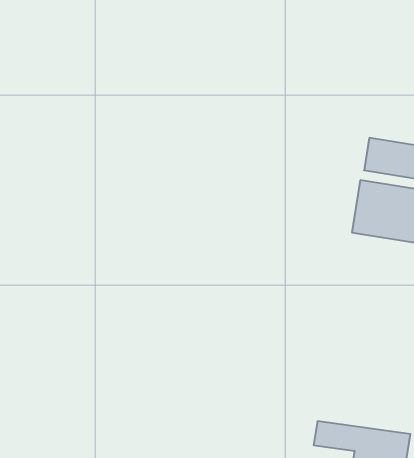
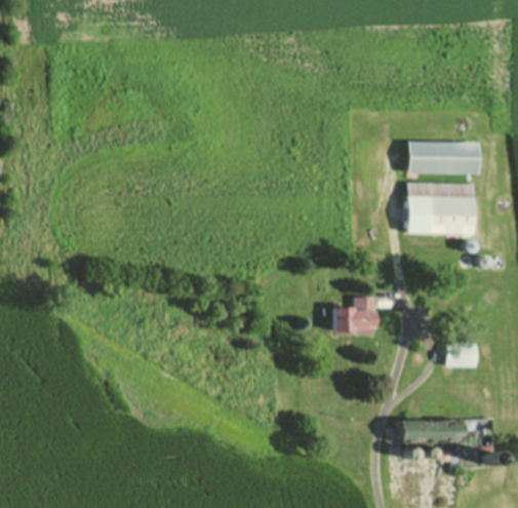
building: none -> [335,299,376,335]
building: none -> [446,344,478,368]

